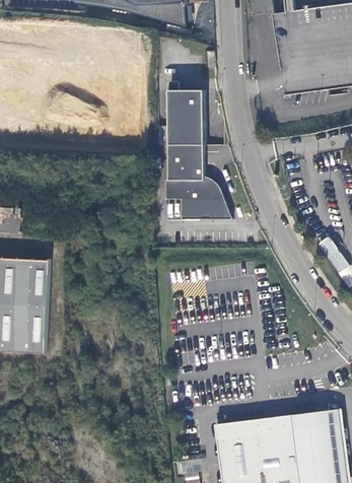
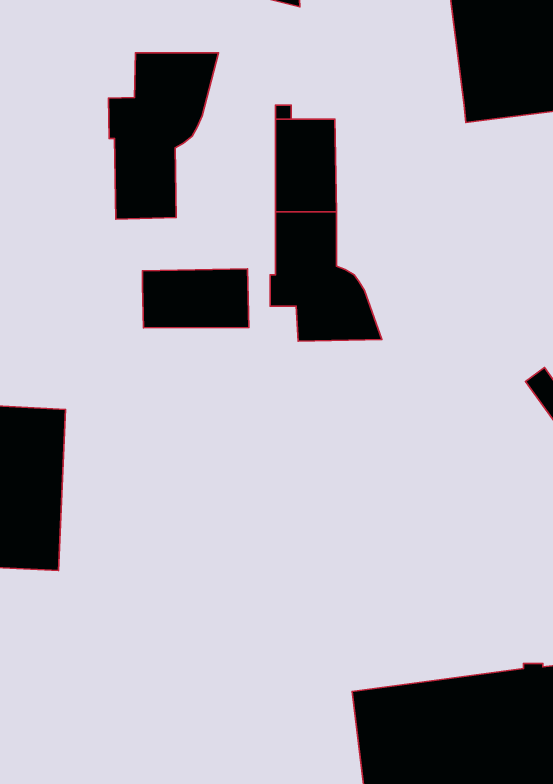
building: none -> [109,53,218,219]
building: none -> [142,269,249,328]

